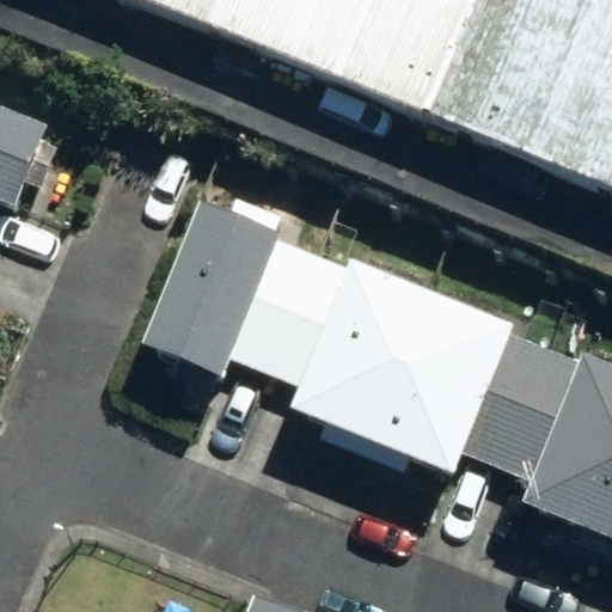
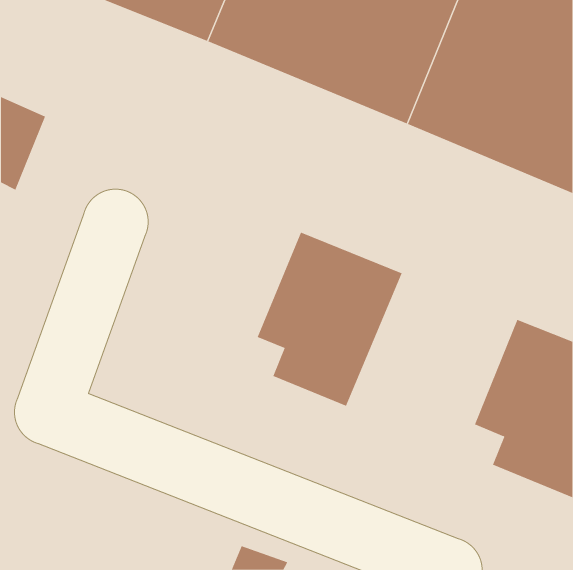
building: [141,197,320,374] -> none
building: [369,292,551,469] -> none

